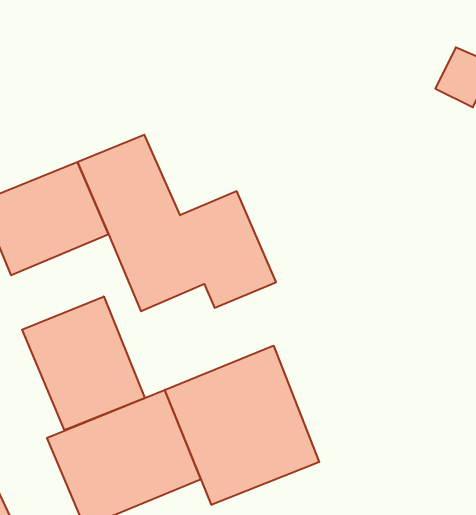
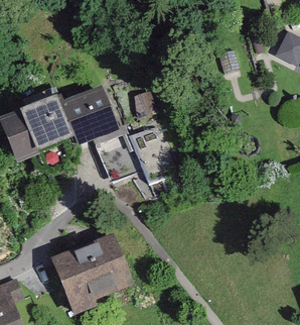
building: [22,296,145,430] -> none
building: [165,346,319,505] -> none

